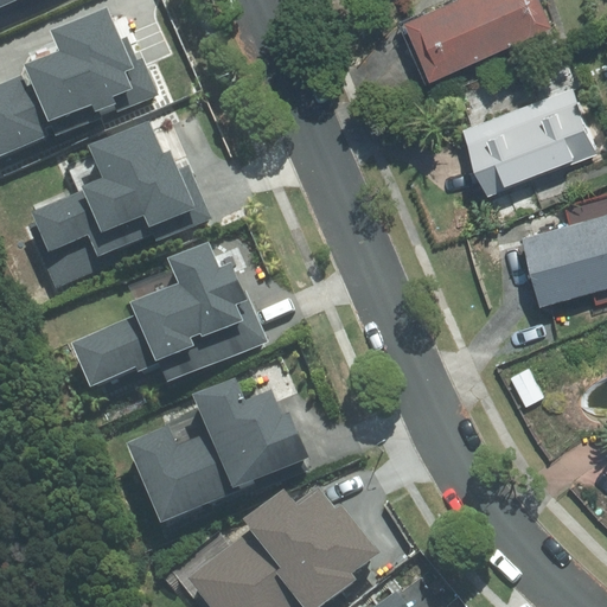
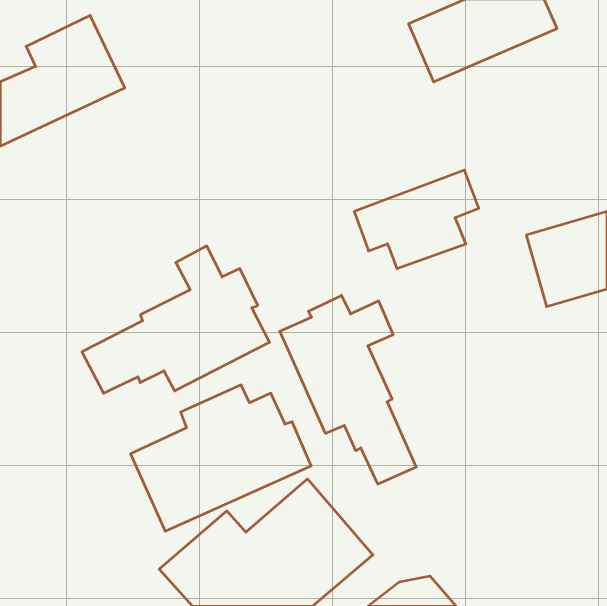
building: [466,88,590,186] -> [354,170,479,269]
building: [5,129,178,277] -> none
building: none -> [280,295,416,484]

